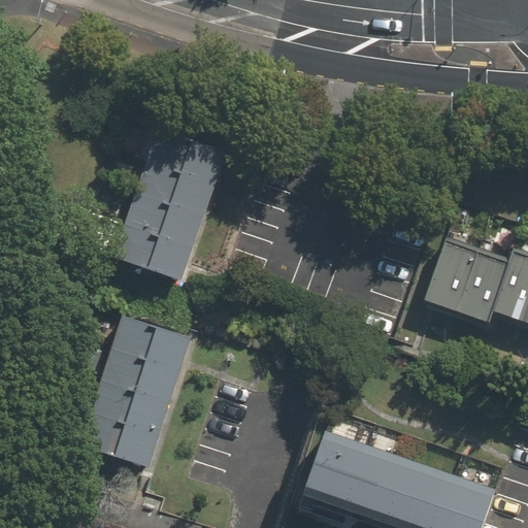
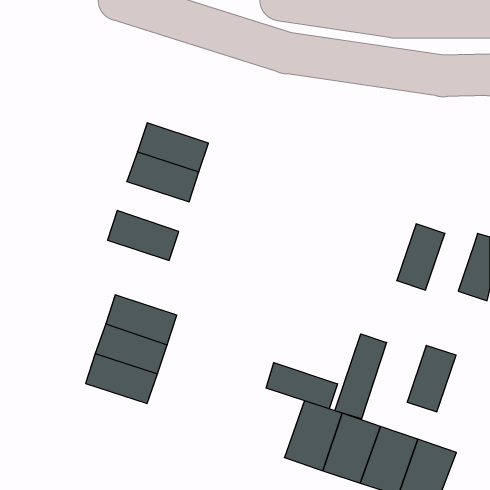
building: [126,196,203,250] -> none
building: [457,252,509,323] -> [407,345,456,412]
building: none -> [335,334,387,419]
building: none -> [266,363,338,409]
building: [81,412,158,465] -> none

